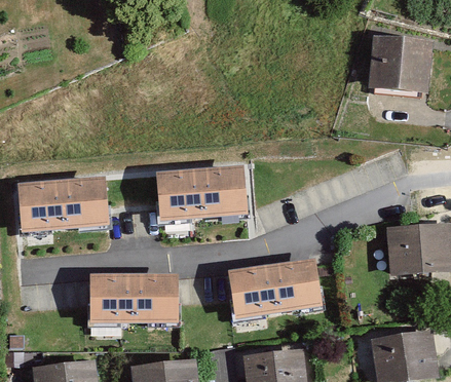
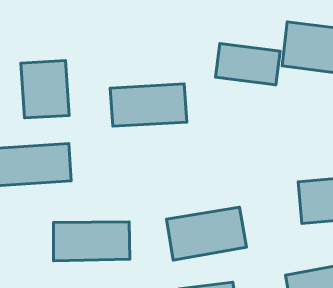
building: none -> [215,43,280,85]
building: none -> [21,61,69,118]
building: [154,168,247,220] -> [110,84,187,126]

